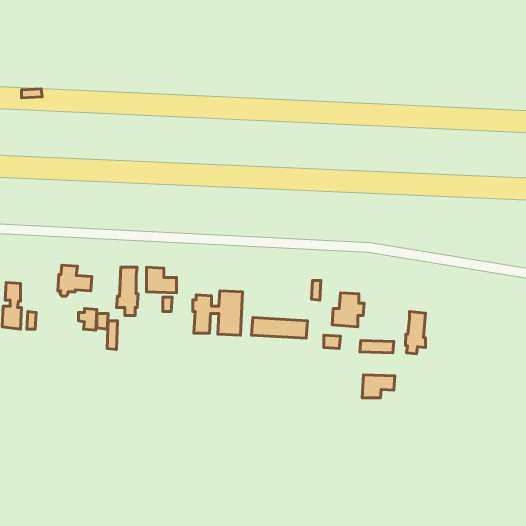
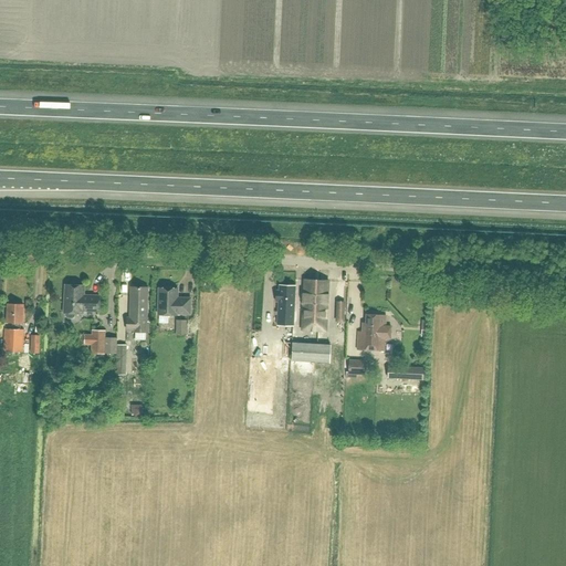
building: [193,291,242,335] -> [274,280,327,327]
building: [405,312,426,354] -> none
building: [362,375,395,398] -> none

